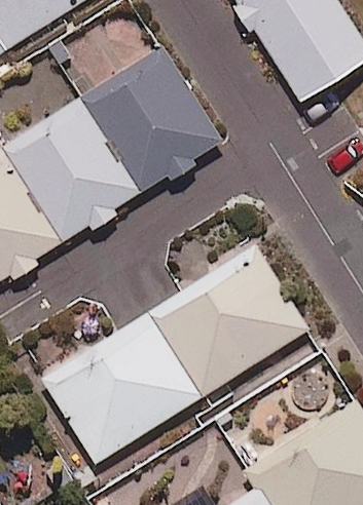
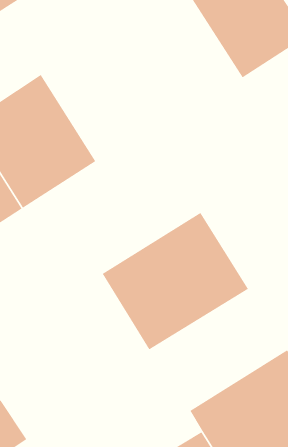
building: [81,47,220,192] -> none
building: [42,314,198,463] -> none

